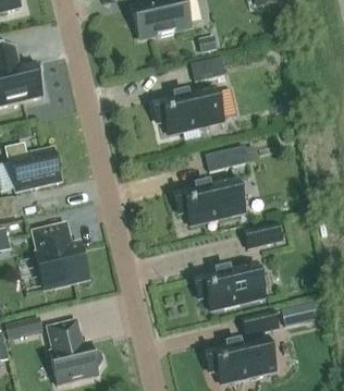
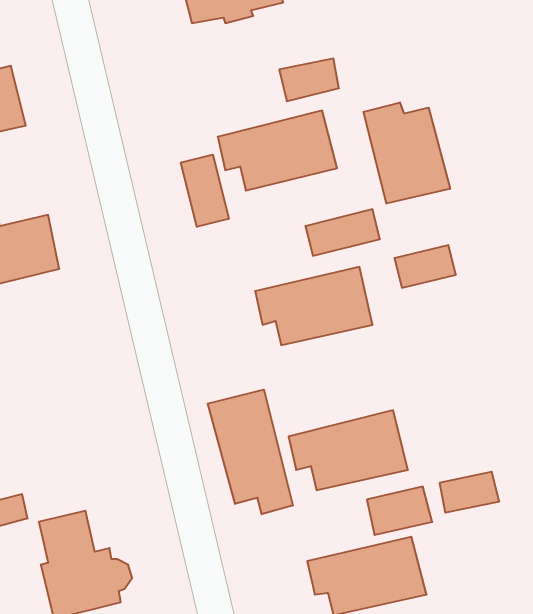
building: none -> [364,102,450,204]
building: none -> [181,155,229,227]
building: [245,222,281,247] -> [394,245,456,288]
building: [36,227,89,289] -> none
building: none -> [208,390,293,514]

